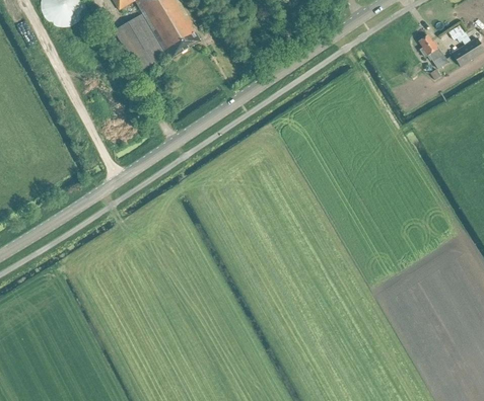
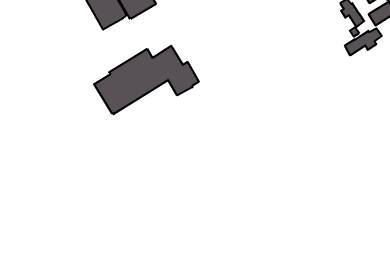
building: none -> [345,28,382,55]
building: none -> [94,46,199,114]

